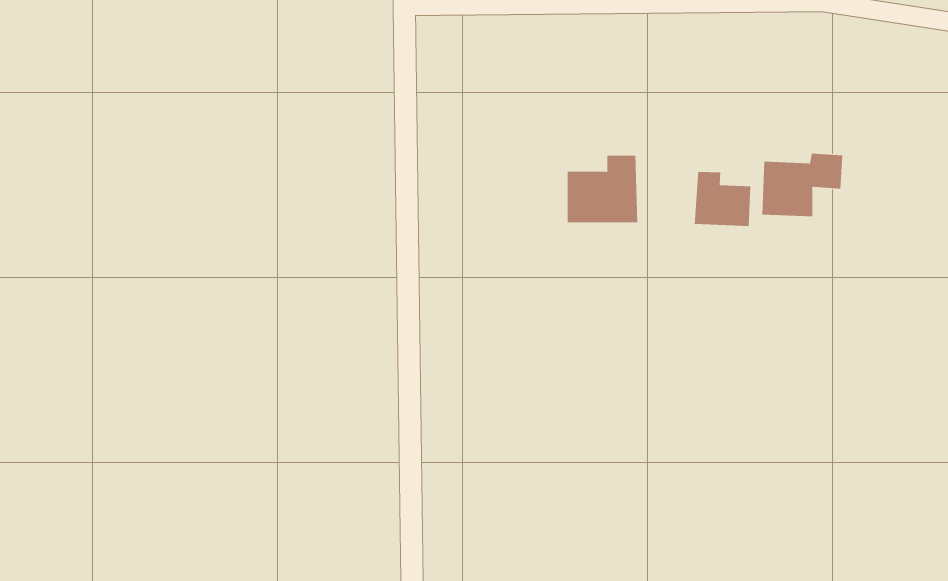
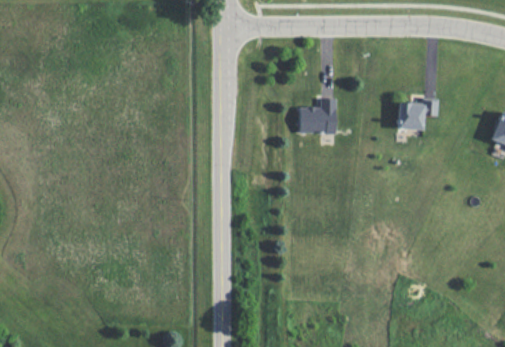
building: [694,171,751,227] -> none

